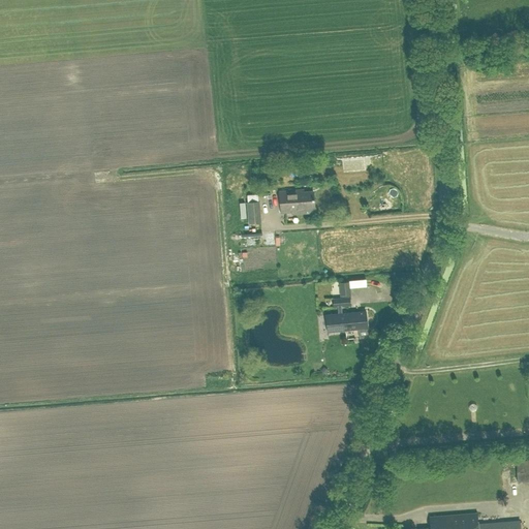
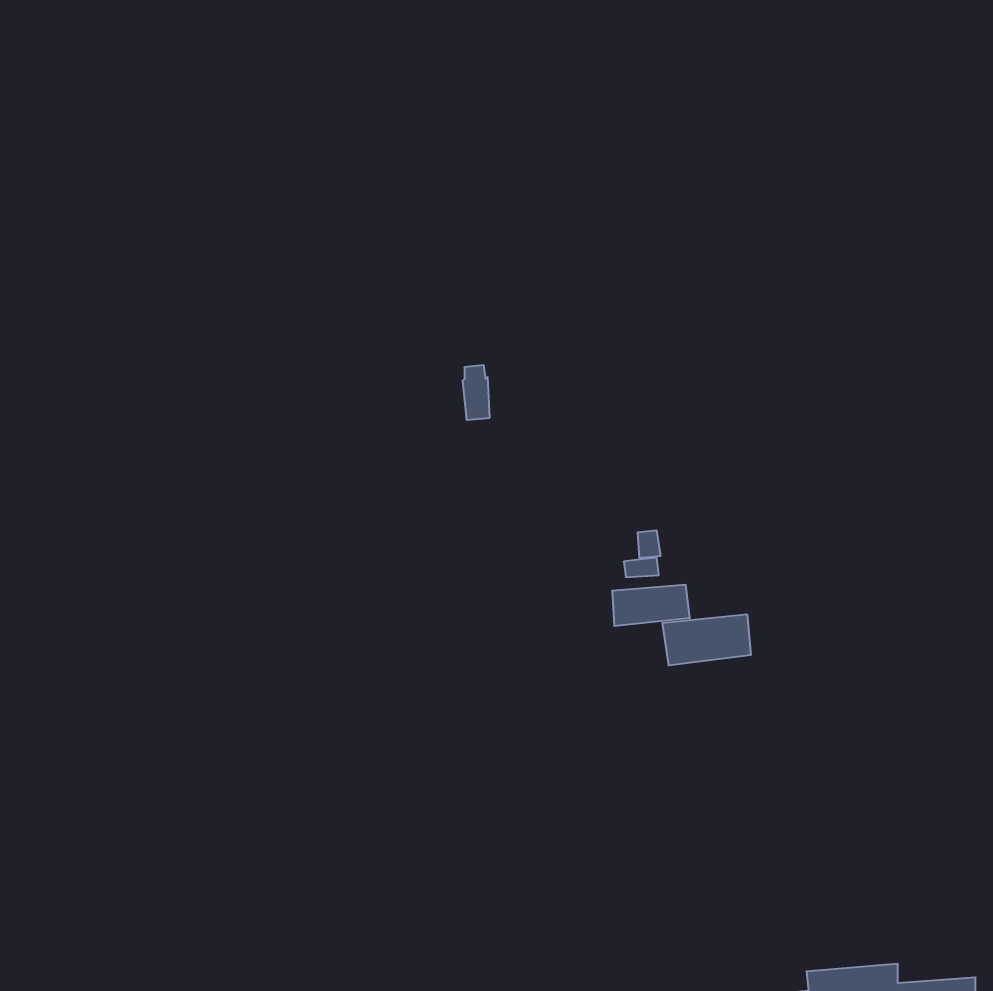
building: [279,190,314,215] -> none
building: none -> [662,614,751,666]

